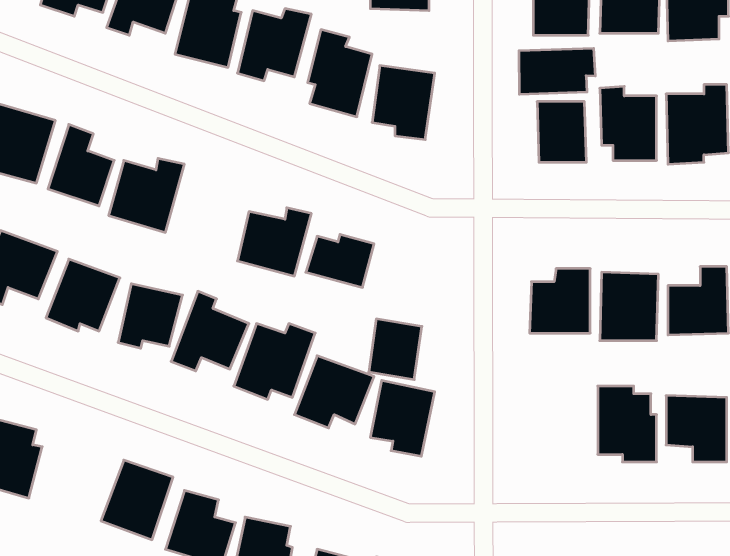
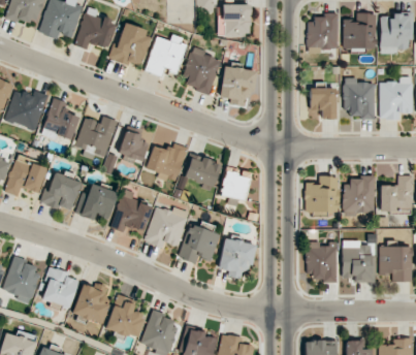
building: [519,48,595,94] -> none
building: none -> [120,131,148,161]
building: [369,319,422,380] -> [222,167,251,200]
building: none -> [308,241,338,281]
building: none -> [42,266,79,309]

